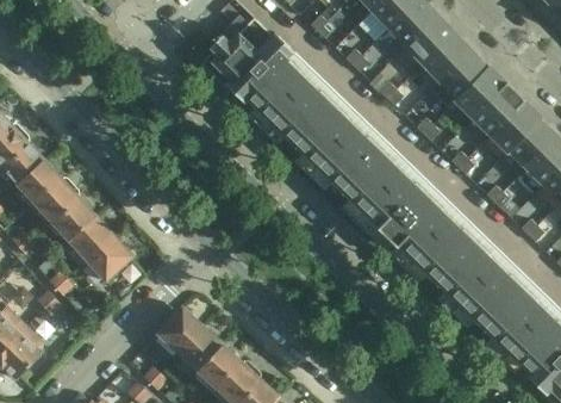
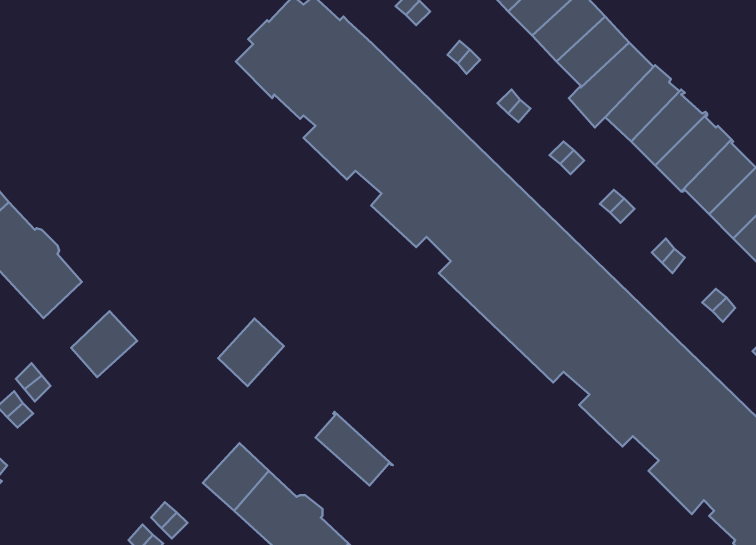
building: [68,215,113,260] -> none
building: none -> [315,412,393,486]
building: [157,306,202,353] -> [218,318,284,386]

